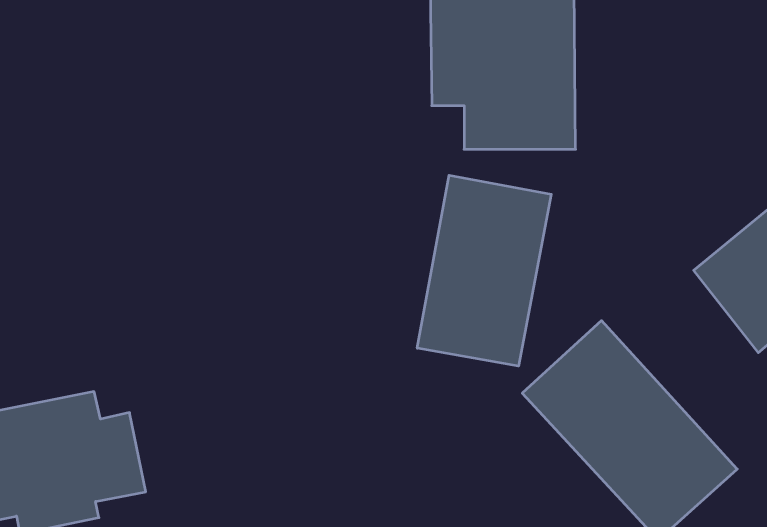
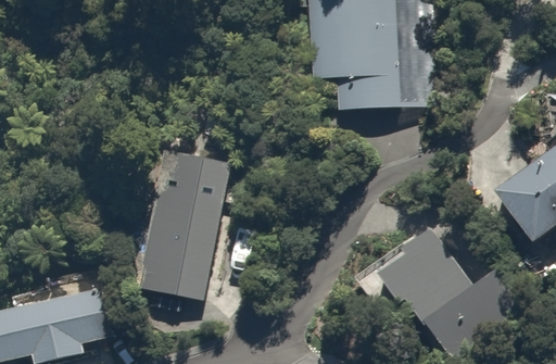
building: [417,175,551,366] -> none
building: none -> [138,146,235,319]

